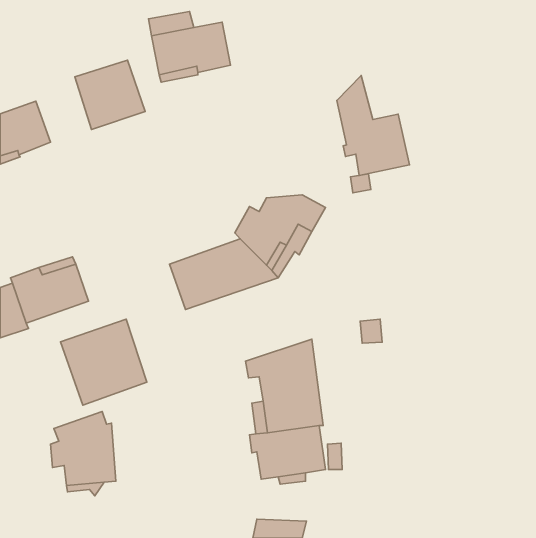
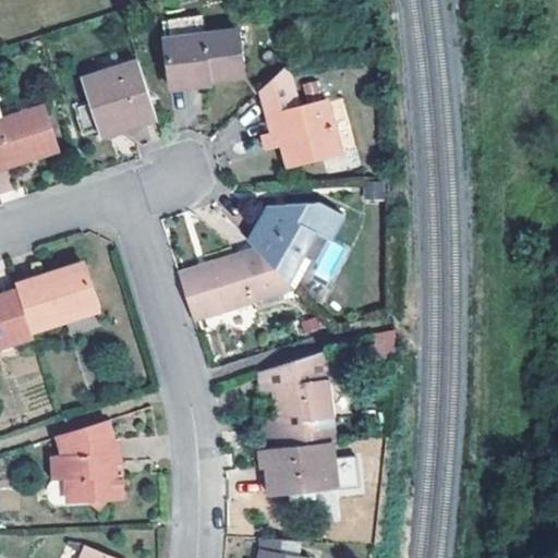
building: [337,75,410,175] -> [262,59,337,162]
building: [60,319,147,405] -> none

